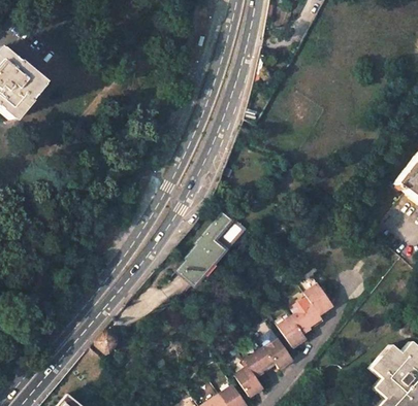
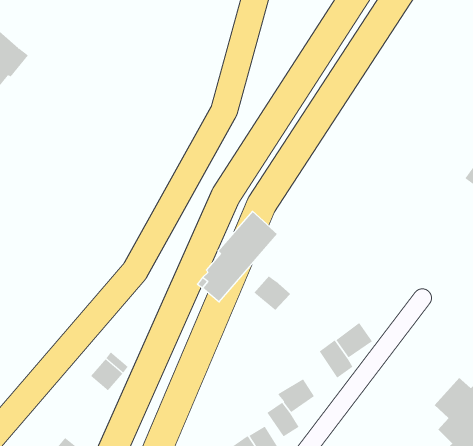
building: none -> [254,276,290,311]
building: [303,283,333,315] -> none
building: [264,338,291,369] -> none

